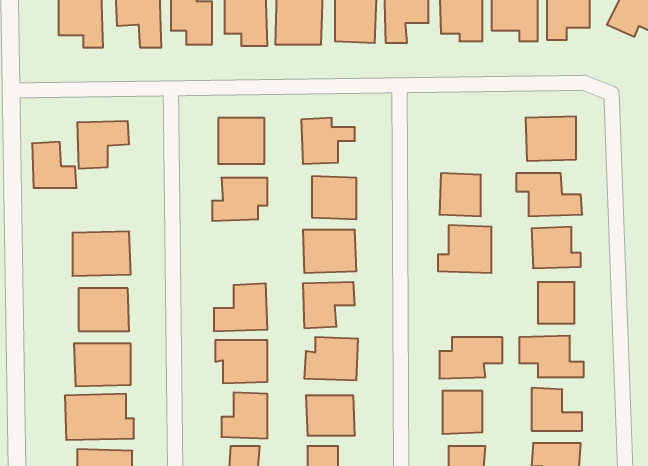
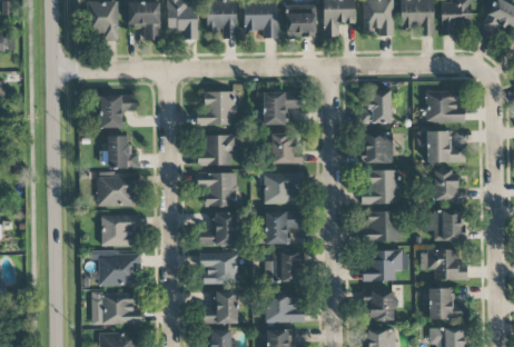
building: none -> [370,90,391,123]
building: [32,142,77,188] -> [107,136,139,169]
building: none -> [197,172,237,207]
building: none -> [362,211,399,242]

